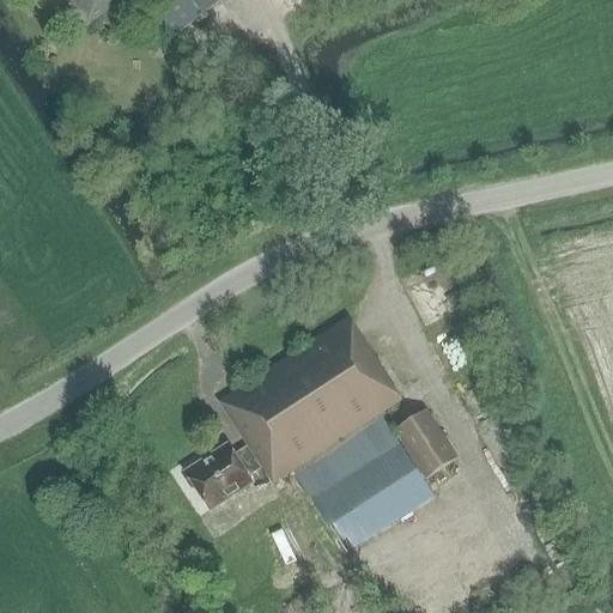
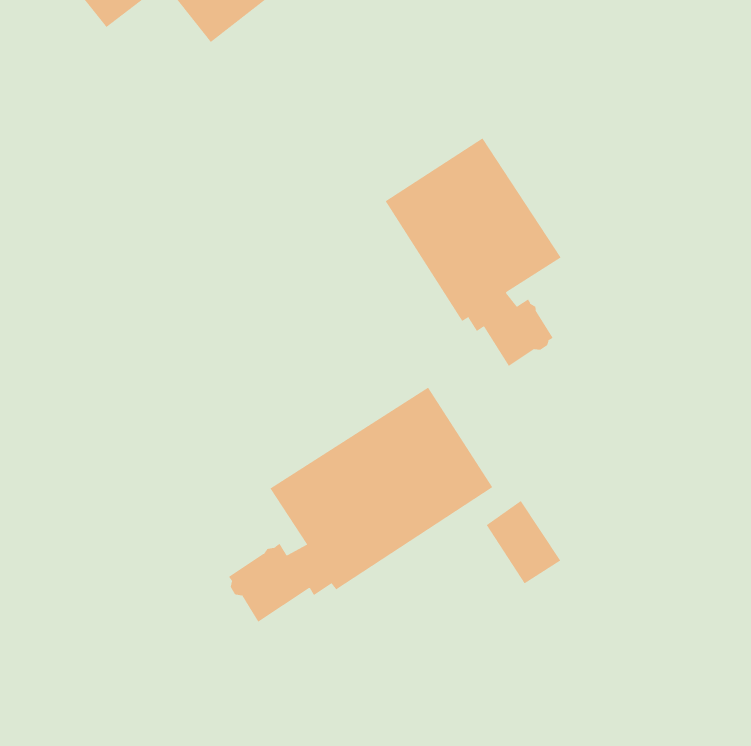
building: none -> [385,138,562,367]
building: [293,412,435,551] -> none

